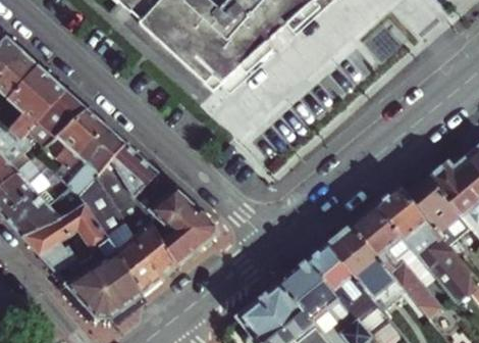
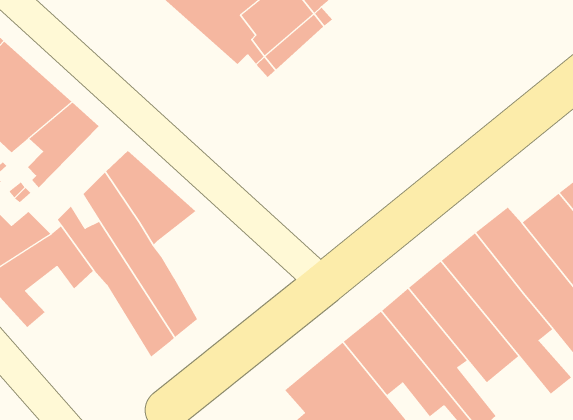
building: [61,125,125,181] -> none
building: [147,186,215,263] -> none
building: [53,229,142,314] -> none

